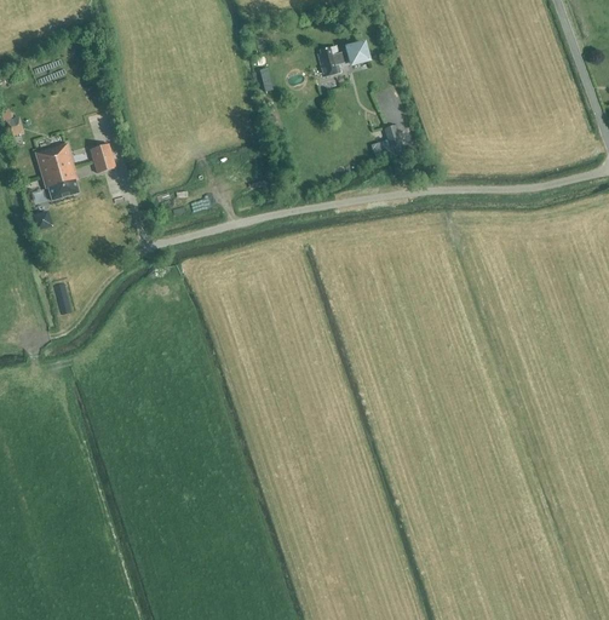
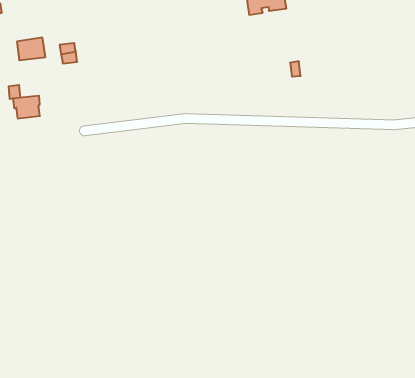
building: [41,166,79,199] -> [13,96,40,118]

